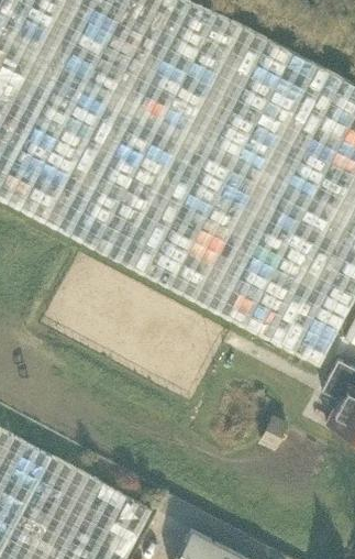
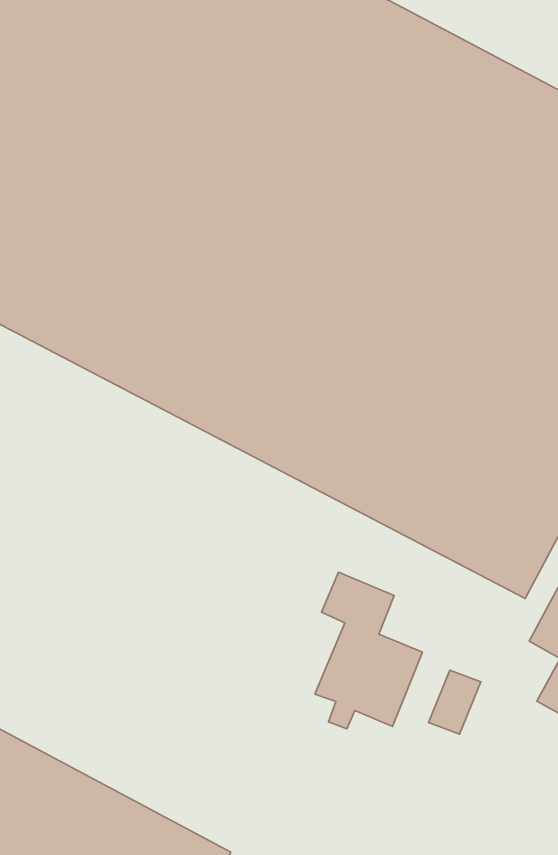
building: none -> [315,572,423,729]

